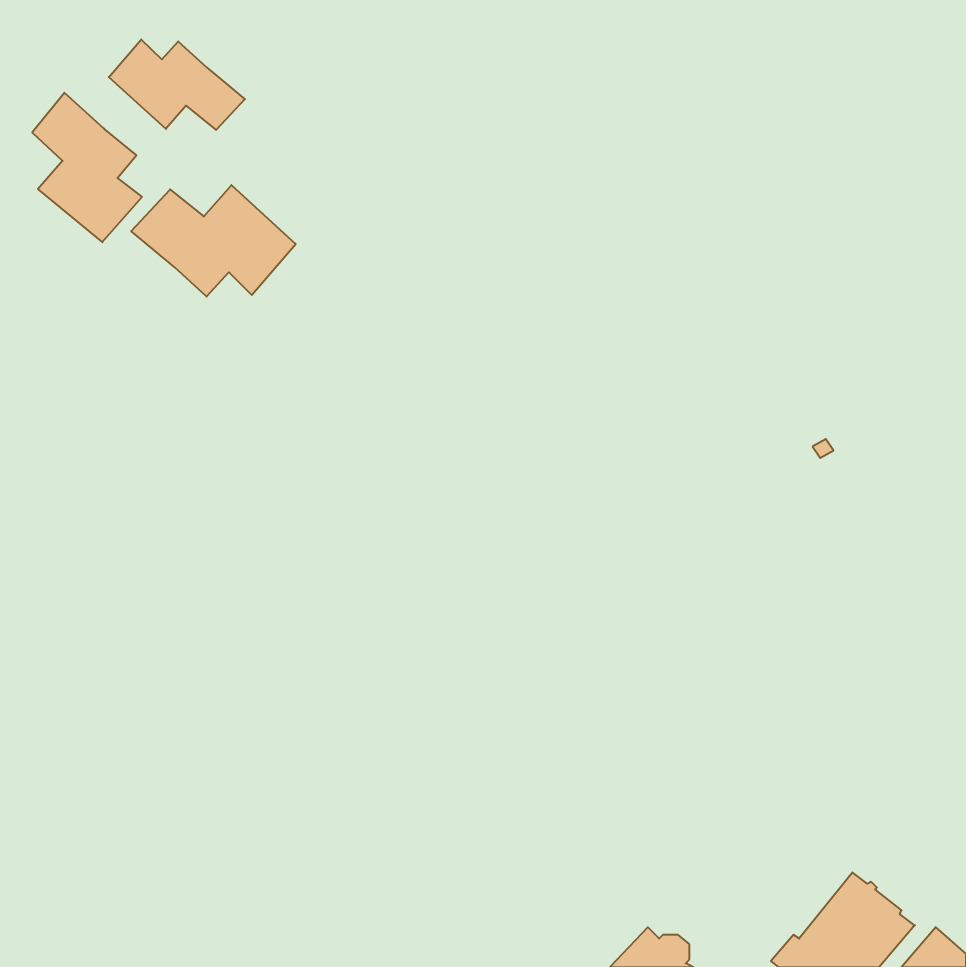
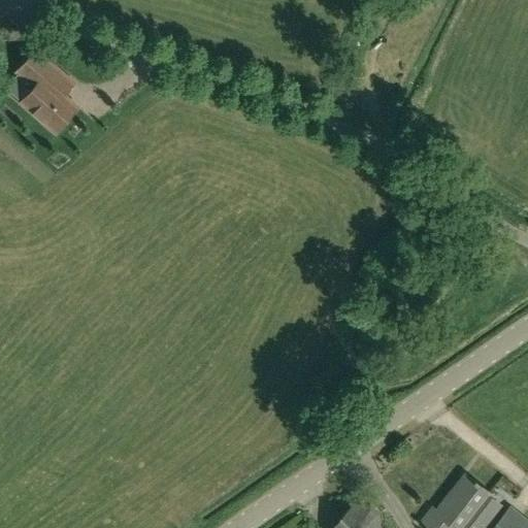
building: [109,39,245,130] -> none
building: [131,185,296,297] -> none

